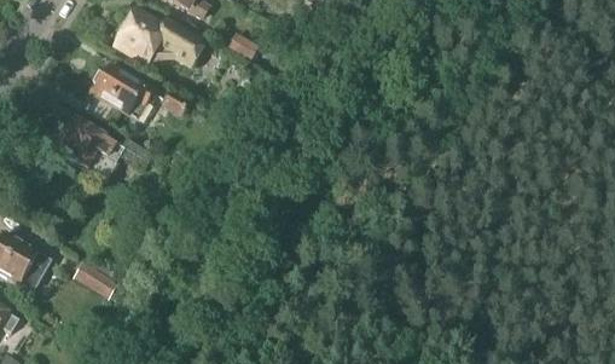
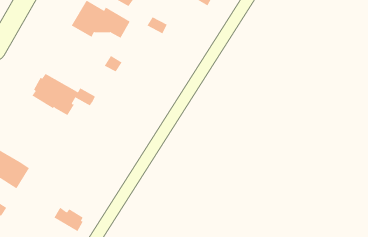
building: [92,64,153,117] -> none
building: [72,260,117,297] -> [54,207,83,232]

